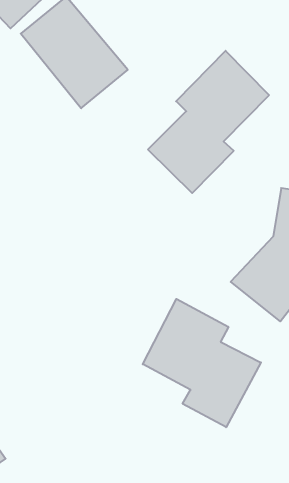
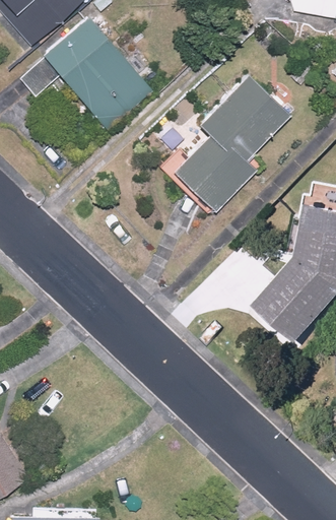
building: [143,299,261,427] -> none

